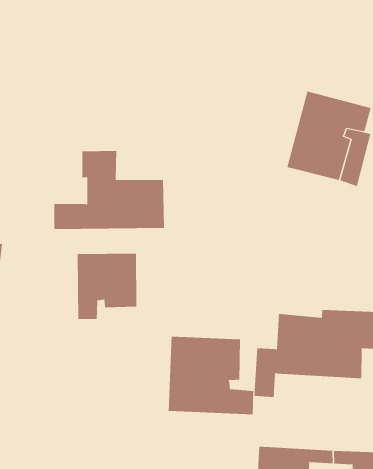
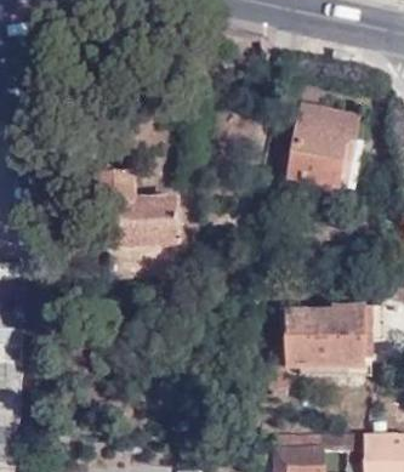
building: [77,253,137,320] -> none
building: [168,336,254,415] -> none

